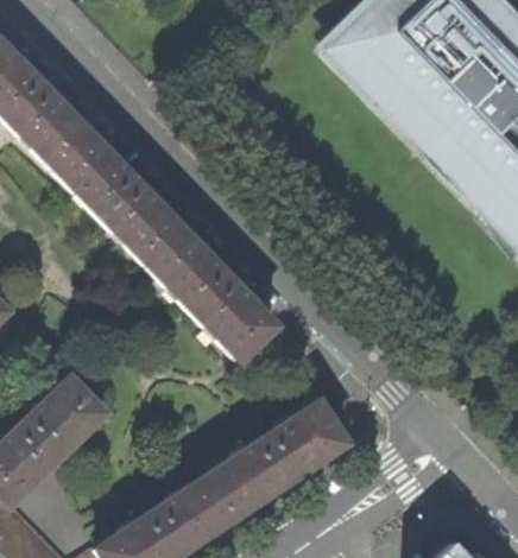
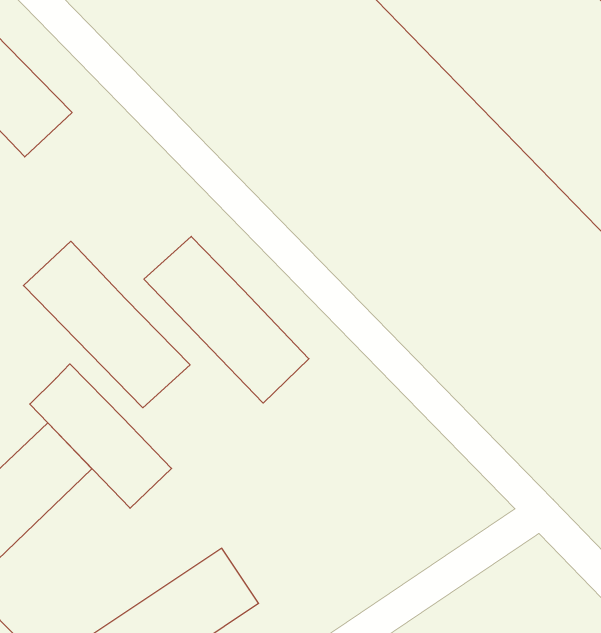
building: [57,133,187,262] -> [23,241,190,408]
building: none -> [30,364,172,508]
building: [210,398,352,514] -> none

